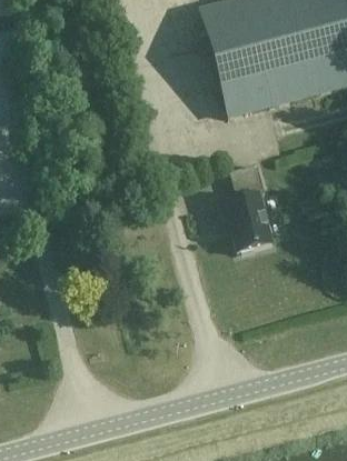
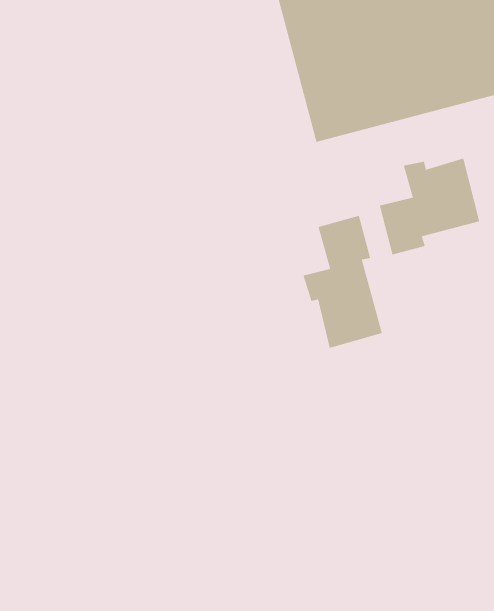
building: none -> [379,158,480,255]

